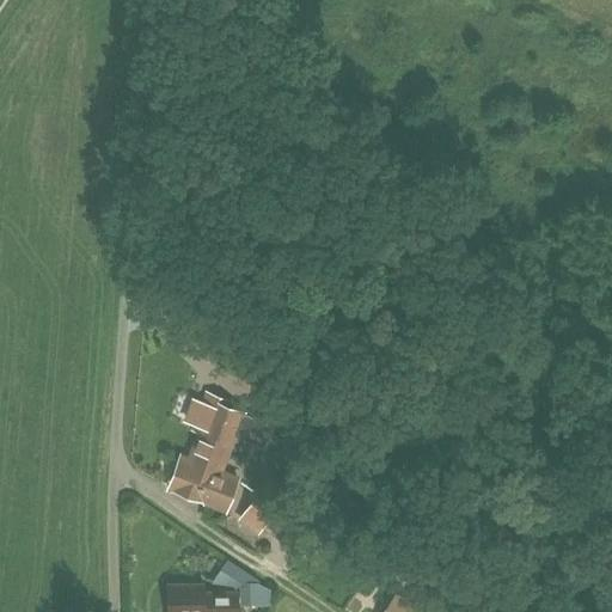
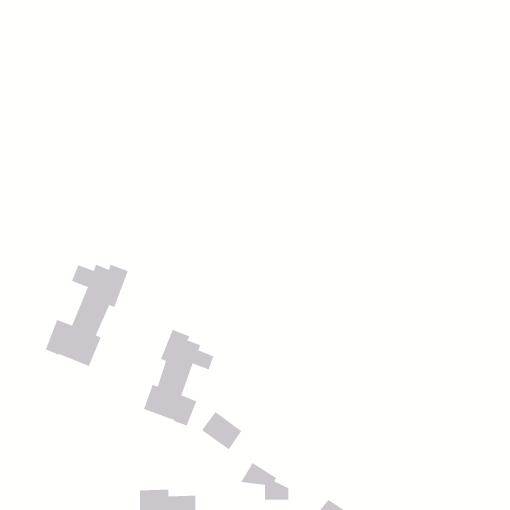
building: none -> [45,264,128,367]
building: [210,561,269,606] -> [240,462,289,500]

